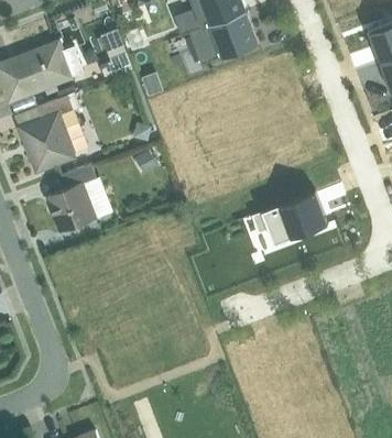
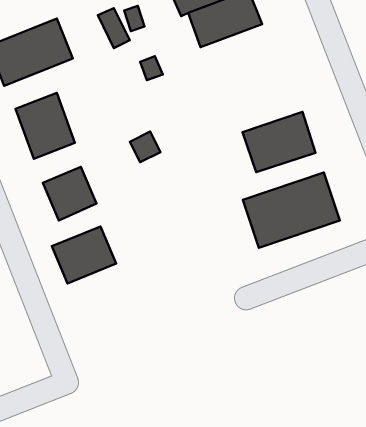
building: none -> [242,112,315,172]
building: none -> [52,226,116,283]

